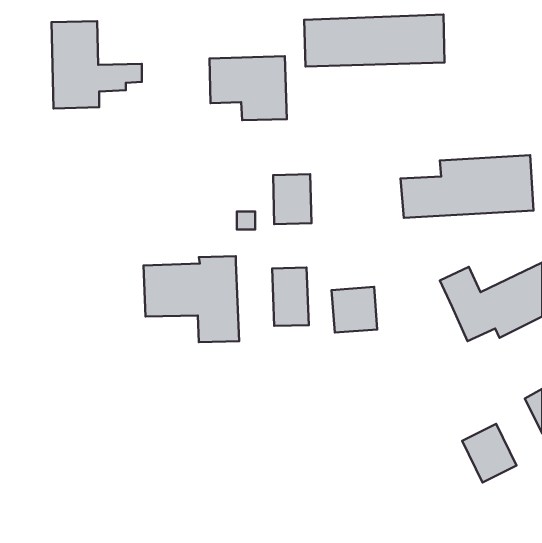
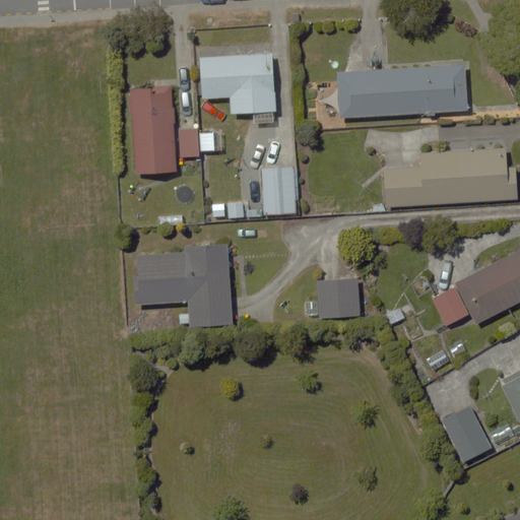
building: [304,15,445,67] -> [336,65,470,115]
building: [51,21,142,108] -> [129,90,215,174]
building: [272,268,309,326] -> none

